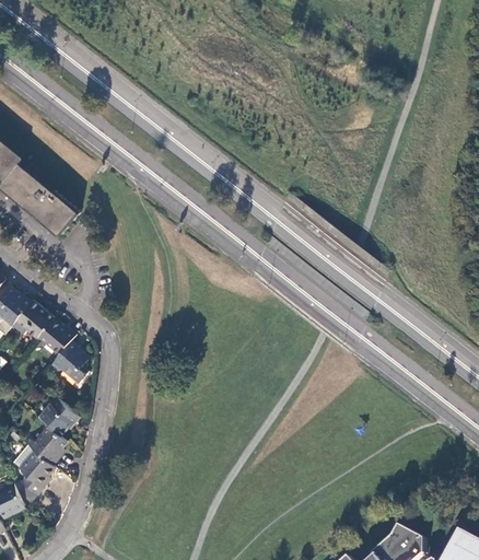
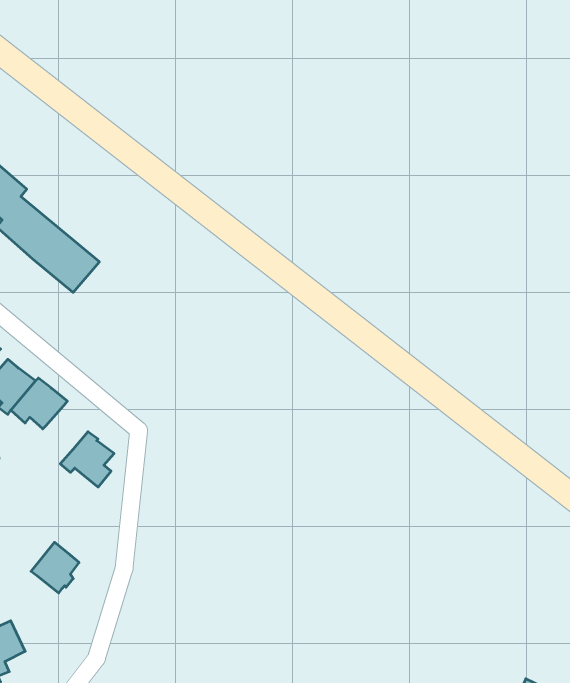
building: [37,319,73,354] -> none
building: [34,396,75,434] -> none
building: [15,450,51,493] -> none

